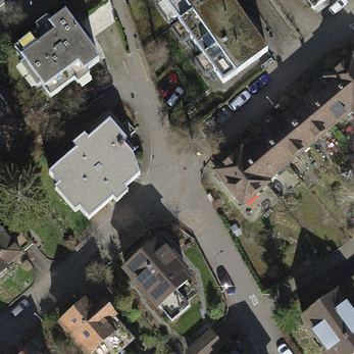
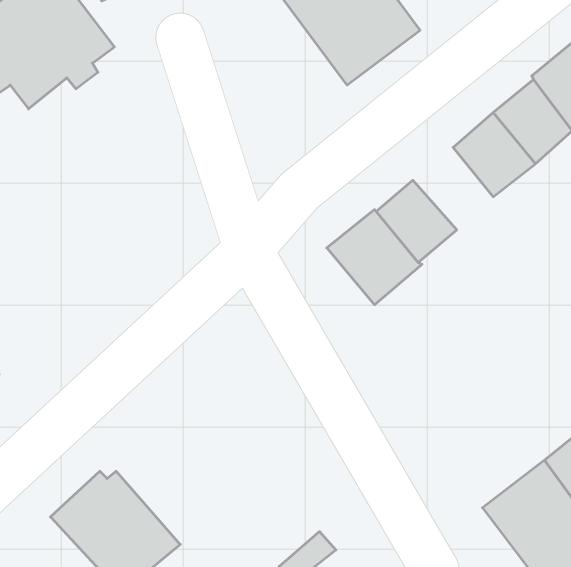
building: [264,112,309,158] -> none
building: [49,115,136,212] -> none
building: [124,235,187,301] -> none

